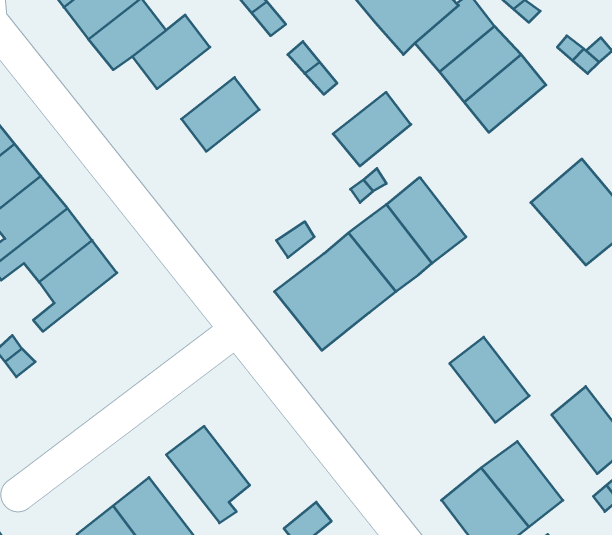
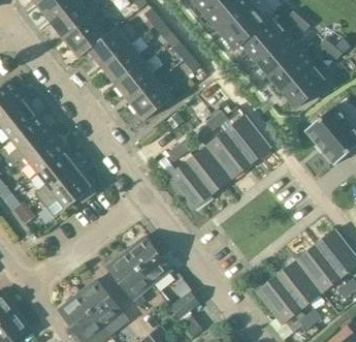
building: none -> [101,44,143,84]
building: none -> [282,65,326,107]
building: [333,92,411,166] -> [128,79,170,119]
building: none -> [39,167,95,209]
building: [450,337,529,422] -> [297,245,341,291]
building: none -> [127,237,170,283]

